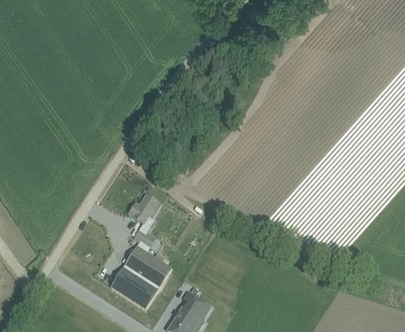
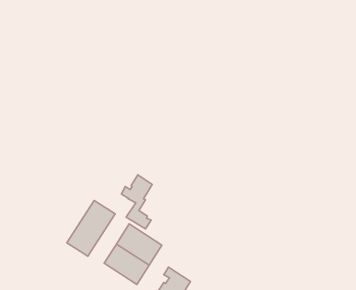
building: none -> [67,201,115,256]

